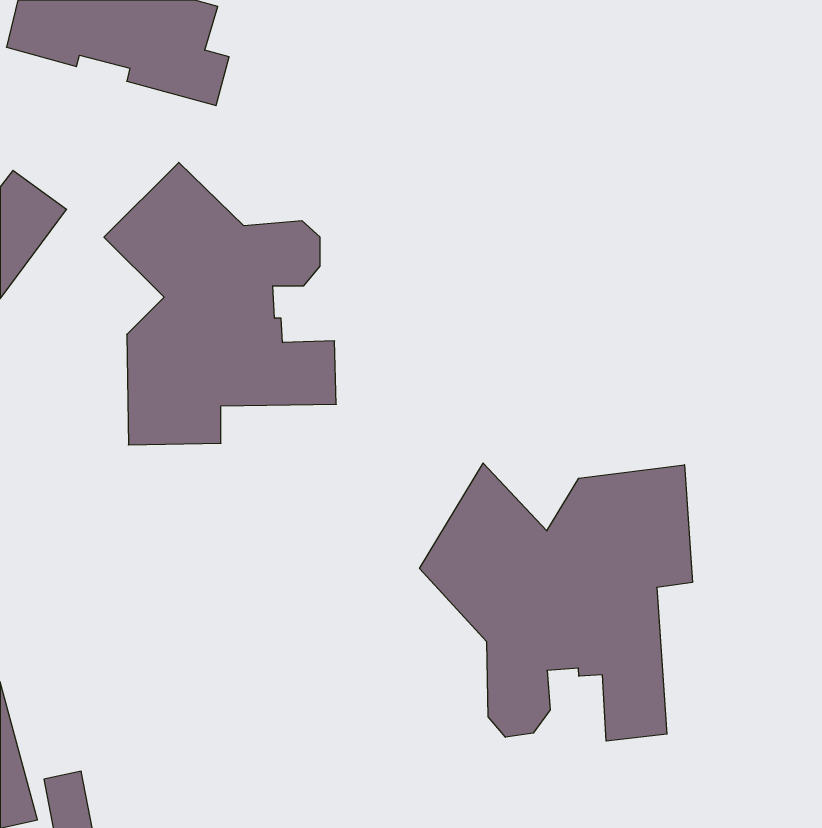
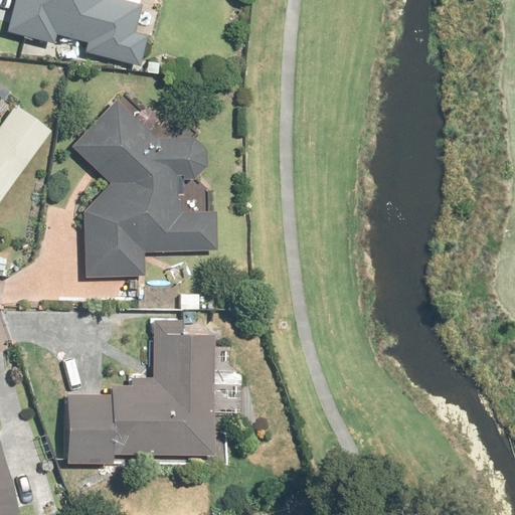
building: [420,463,692,741] -> none
building: none -> [66,319,216,463]

